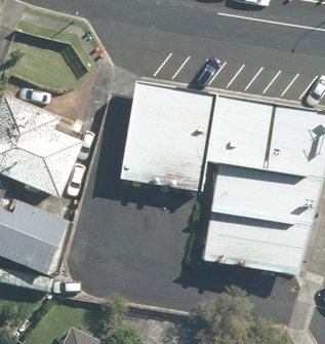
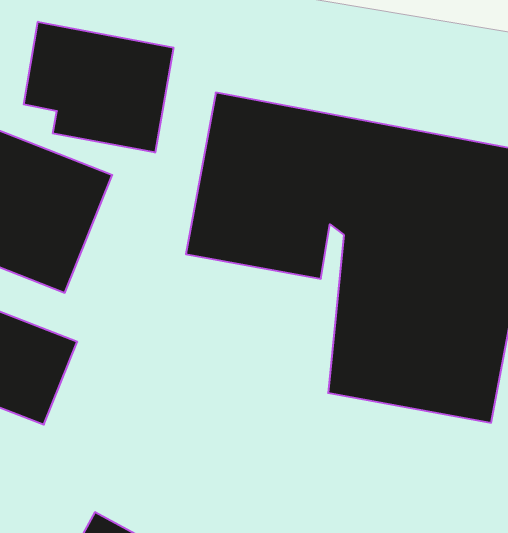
building: none -> [24,22,173,153]

